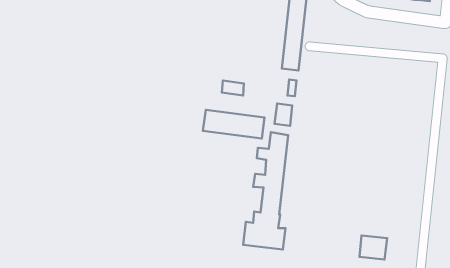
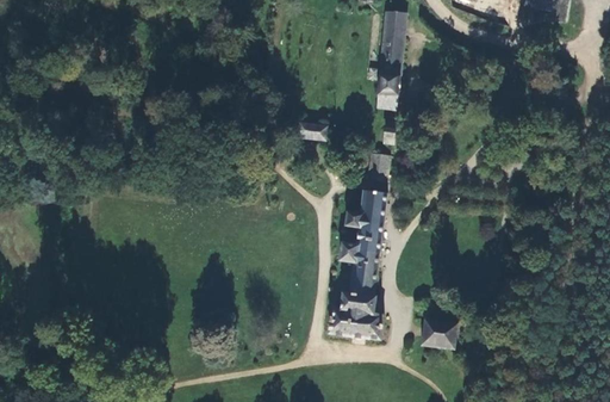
building: [203,110,265,139] -> none
building: [360,236,387,260] -> [419,317,455,348]

